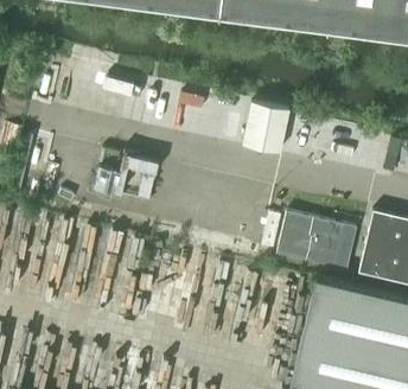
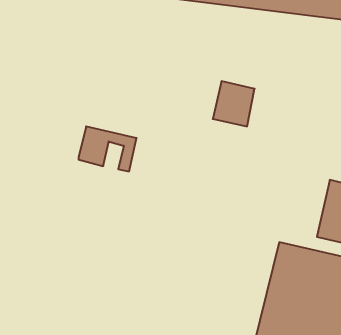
building: [280,213,359,272] -> none

